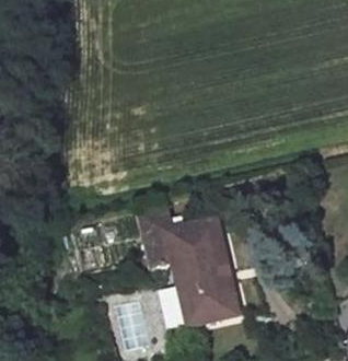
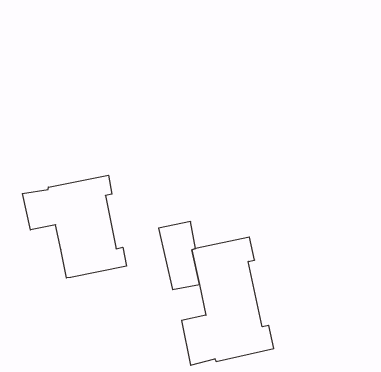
building: none -> [22,175,126,278]

